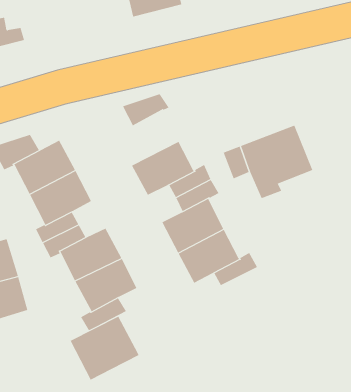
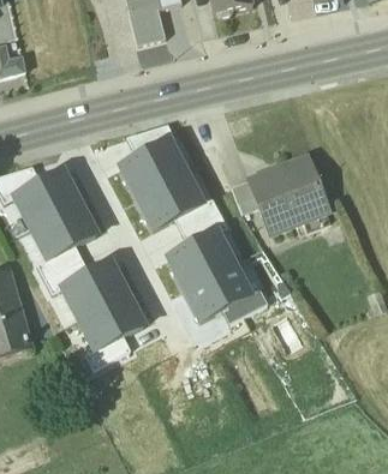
building: none -> [120,140,186,198]
building: [70,316,139,380] -> none

